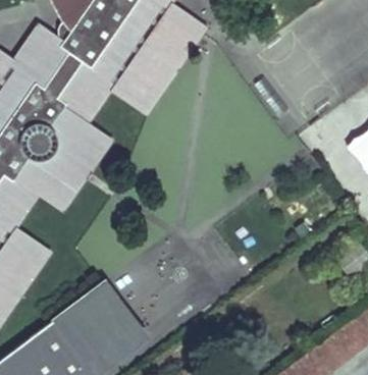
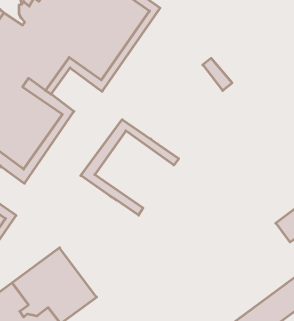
building: none -> [81,120,179,215]

